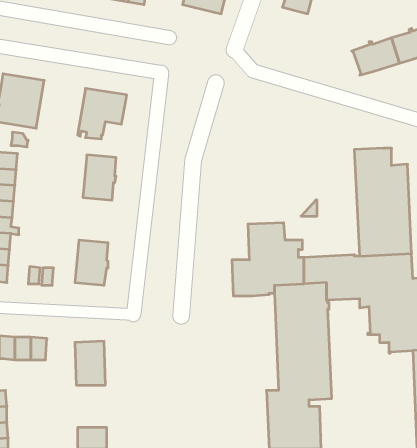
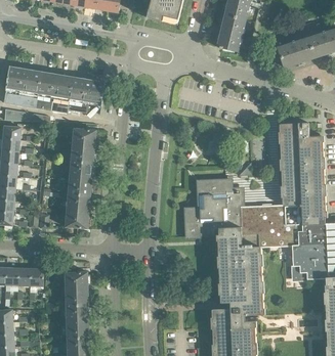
building: none -> [216,14,244,51]
building: none -> [35,71,73,113]
building: none -> [68,161,93,195]
building: none -> [66,305,89,338]

